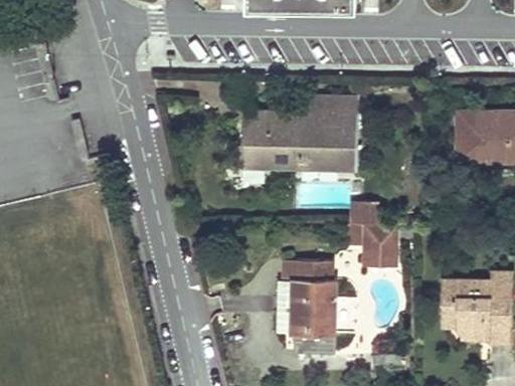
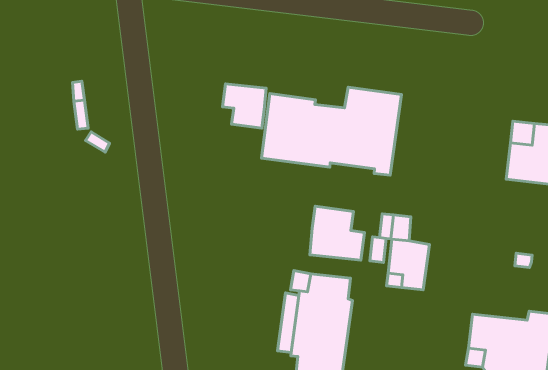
building: none -> [223,84,266,128]
building: none -> [310,206,365,260]

